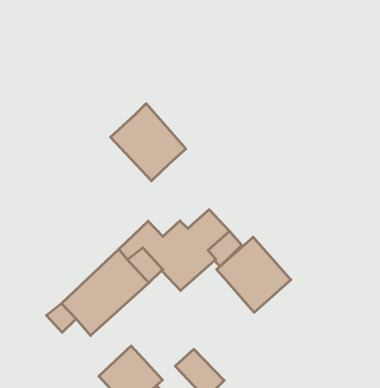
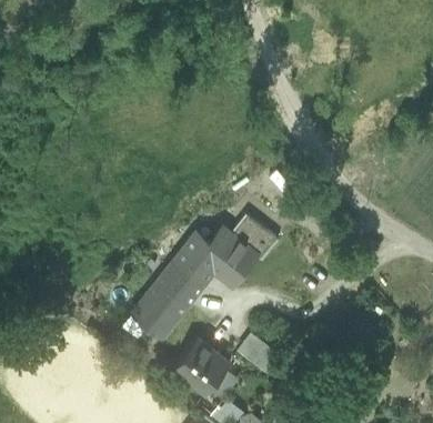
building: [111,104,186,181] -> none
building: [217,237,291,312] -> none

